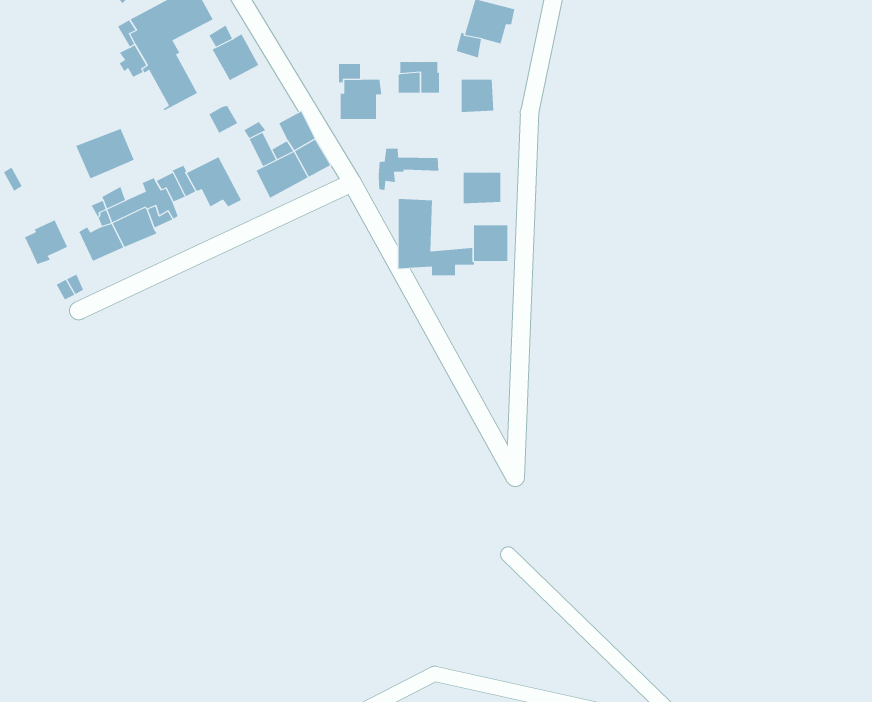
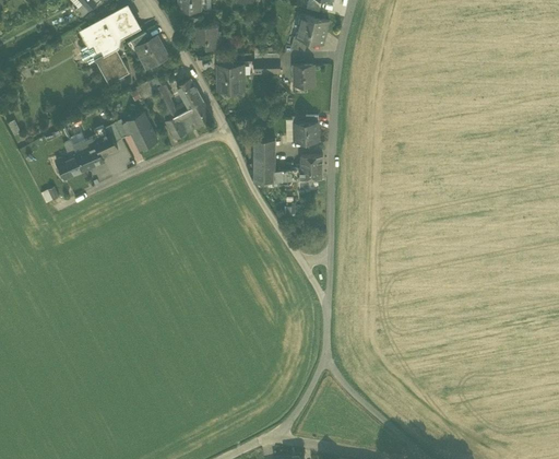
building: none -> [188,25,219,49]
building: [76,128,135,179] -> none
building: [378,148,439,191] -> none
building: [24,219,68,265] -> none

